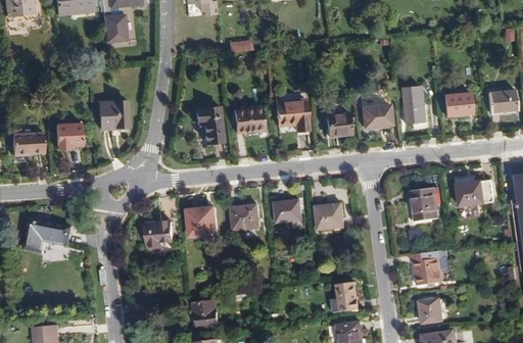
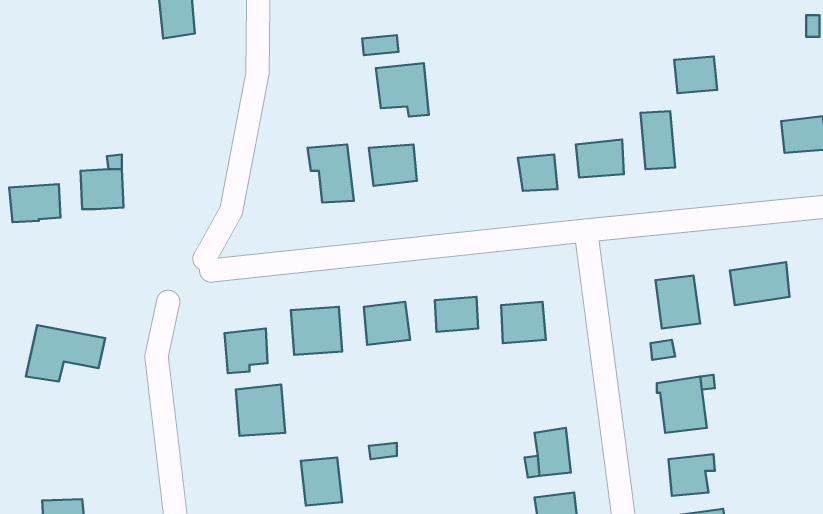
building: [444,93,471,115] -> [674,57,717,93]
building: [276,99,308,132] -> [376,63,429,116]
building: [100,101,129,129] -> none
building: none -> [236,384,285,436]

